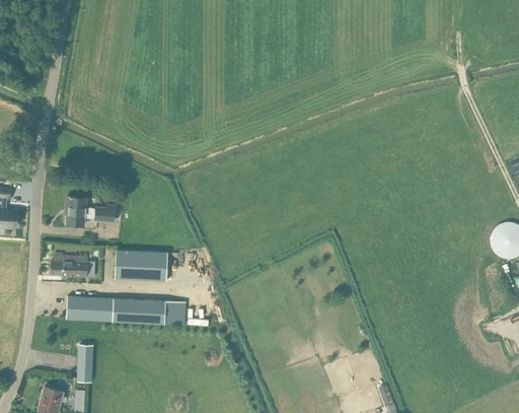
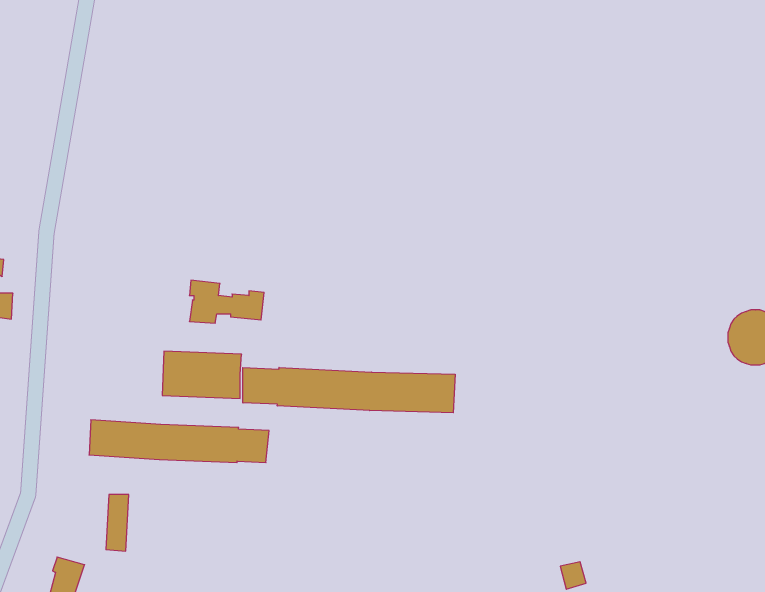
building: [66,197,116,225] -> [189,280,264,323]
building: [51,256,87,277] -> none
building: none -> [243,367,455,413]

